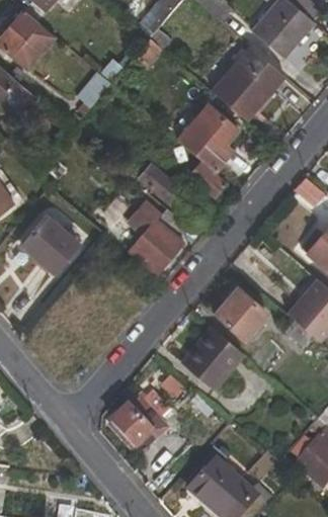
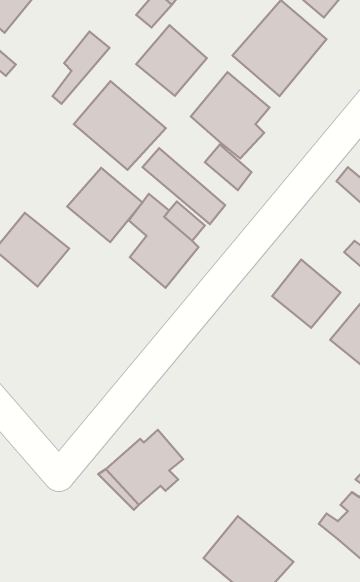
building: none -> [136,25,207,96]
building: none -> [74,81,166,170]
building: none -> [67,168,142,242]
building: [213,285,267,340] -> [272,259,340,328]
building: [180,327,243,390] -> none

